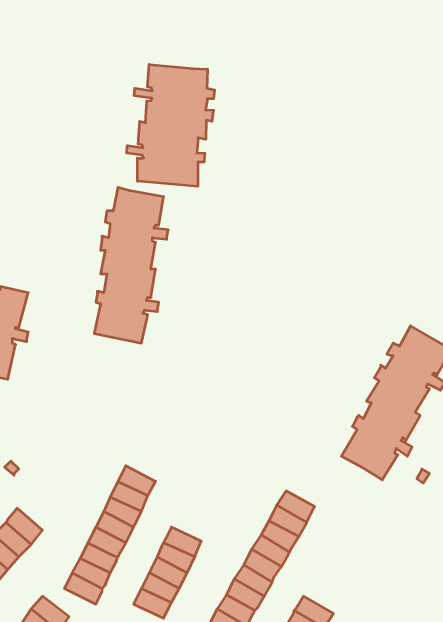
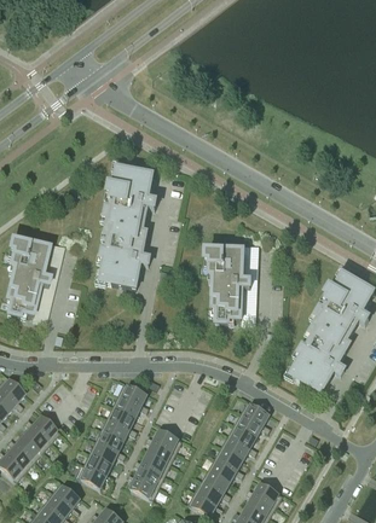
building: [127,64,215,186] -> none
building: none -> [206,249,251,321]

